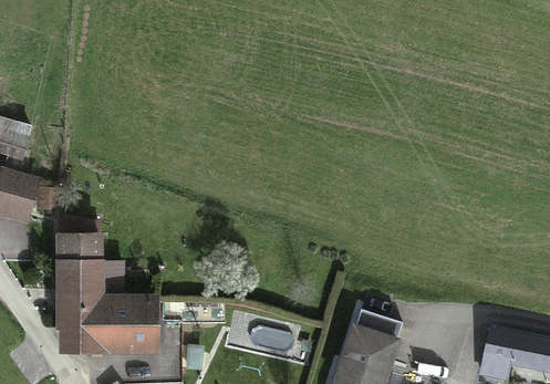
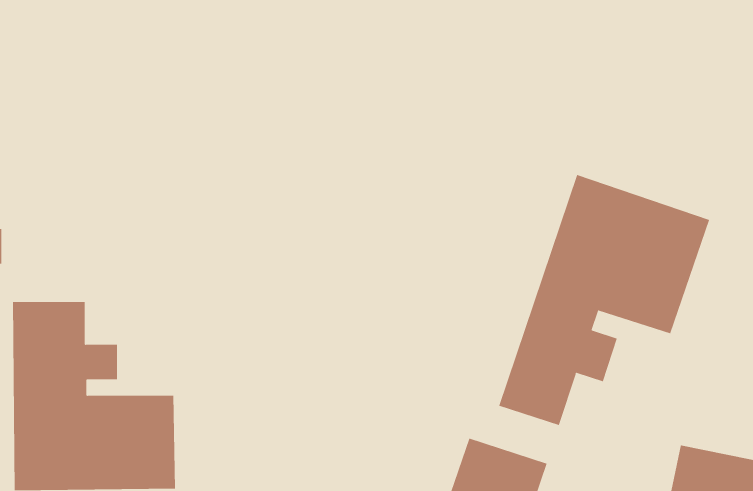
building: none -> [498,174,710,426]

